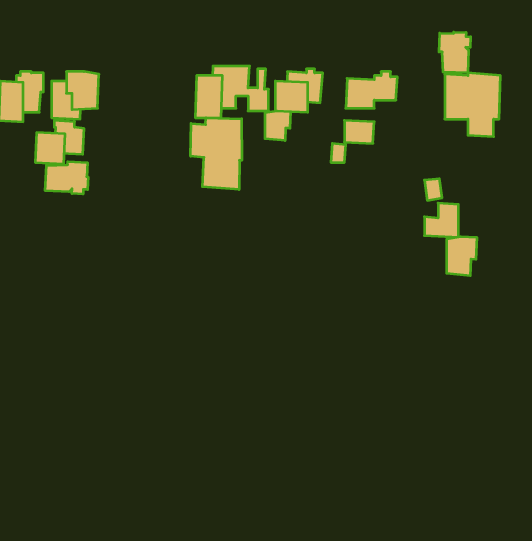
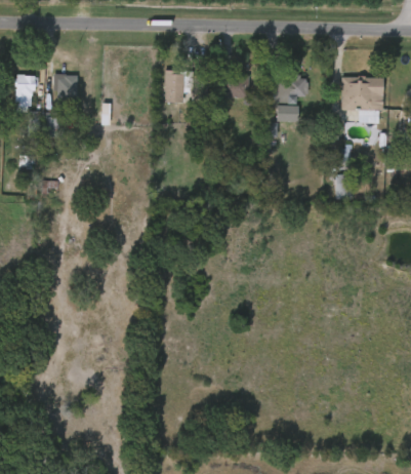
building: [439,32,471,73] -> none
building: [265,111,291,141] -> none
building: [191,118,242,190] -> none
building: [45,162,88,194] -> none
building: [447,237,477,276] -> none

